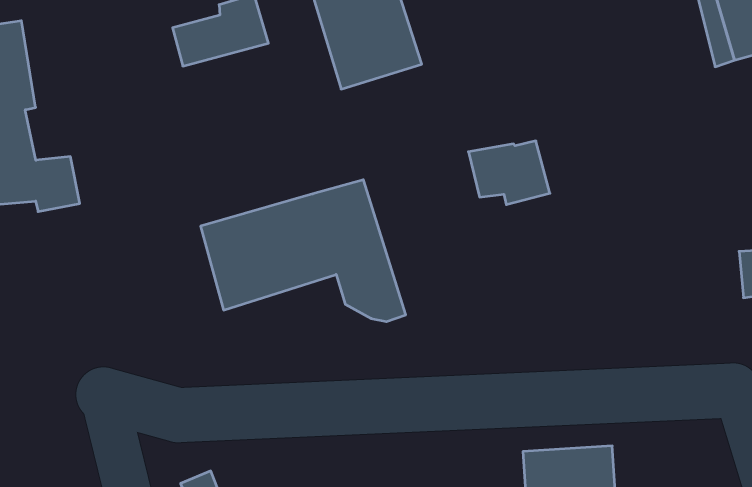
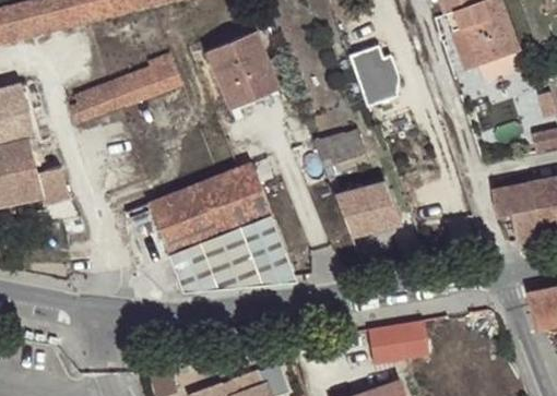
building: none -> [348,47,398,108]
building: none -> [70,79,127,121]
building: none -> [334,182,400,236]
building: none -> [167,227,295,289]

